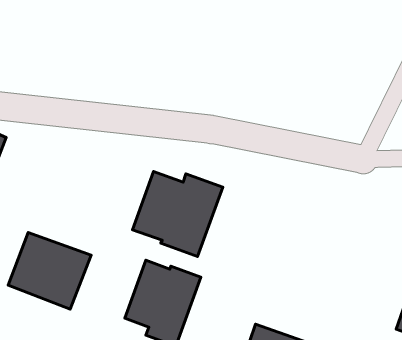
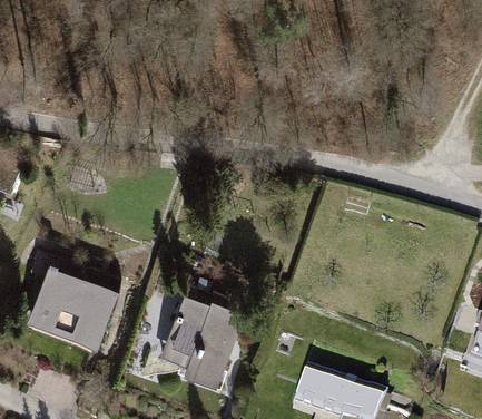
building: [132,172,223,256] -> none

